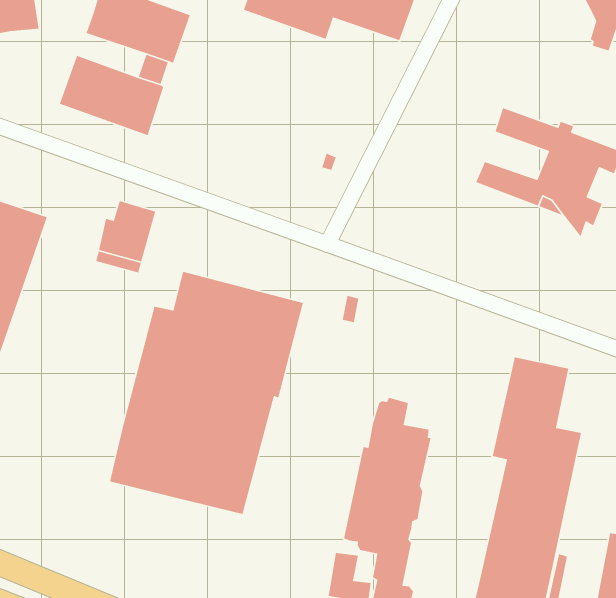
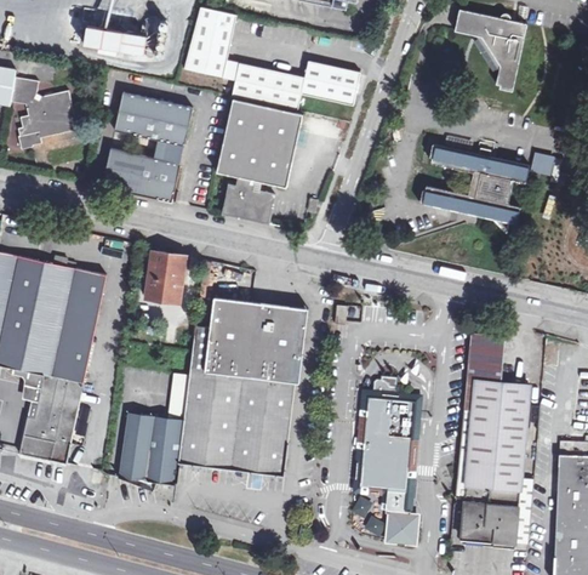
building: none -> [216,98,303,221]
building: none -> [119,411,181,489]

